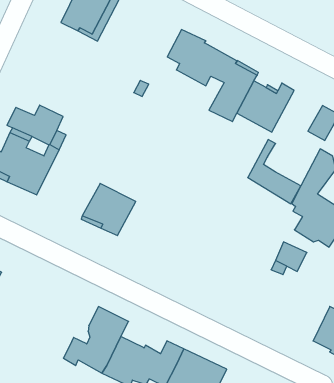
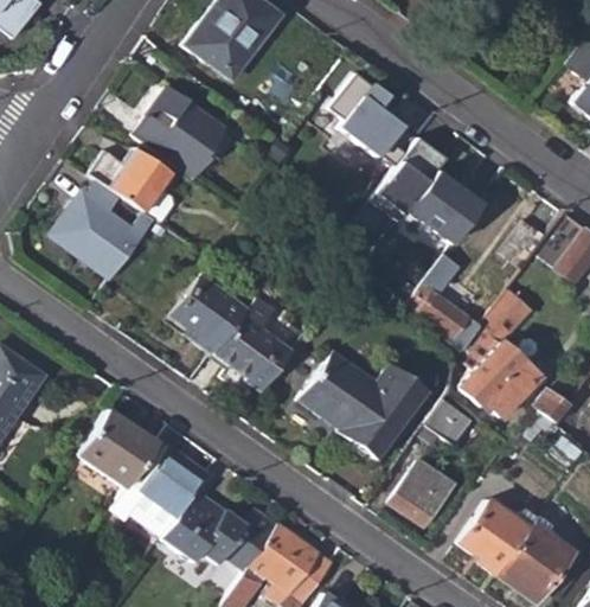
building: none -> [135,84,226,177]
building: none -> [216,298,290,389]
building: none -> [297,351,424,458]
building: none -> [393,460,456,526]
building: none -> [79,409,160,487]

